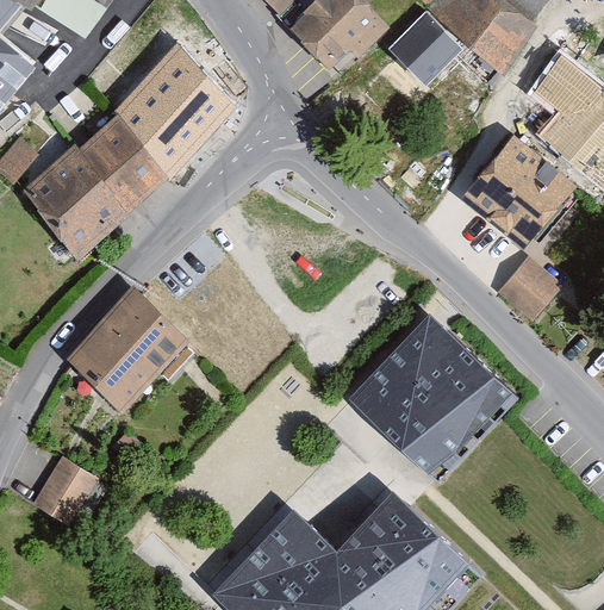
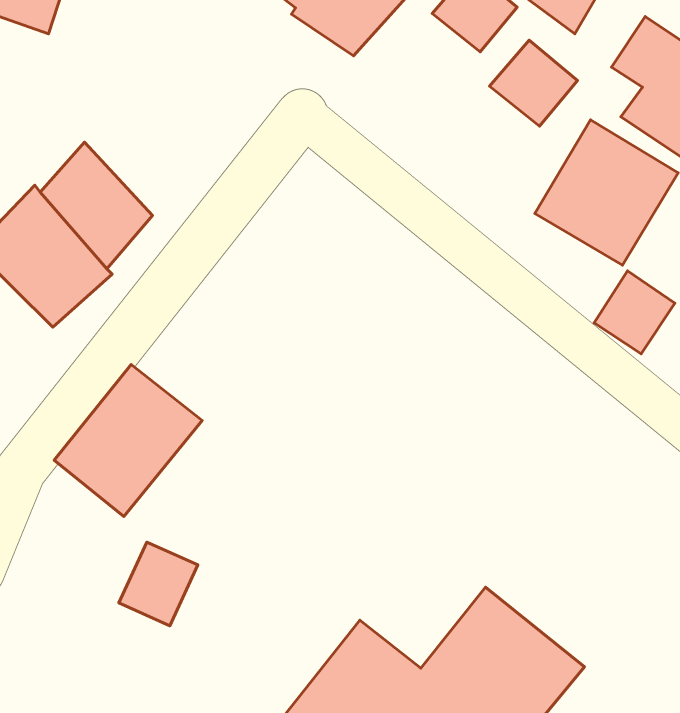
building: [111,51,231,185] -> none
building: none -> [490,40,577,126]
building: [355,317,508,469] -> none
building: [35,456,99,523] -> [119,542,198,626]

